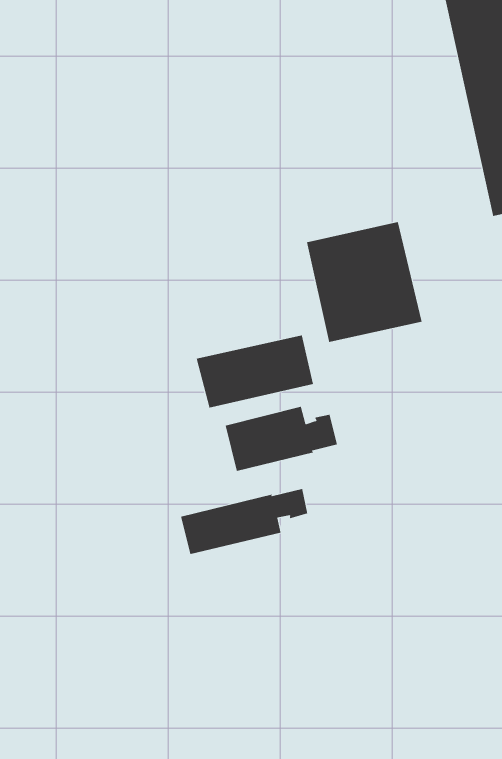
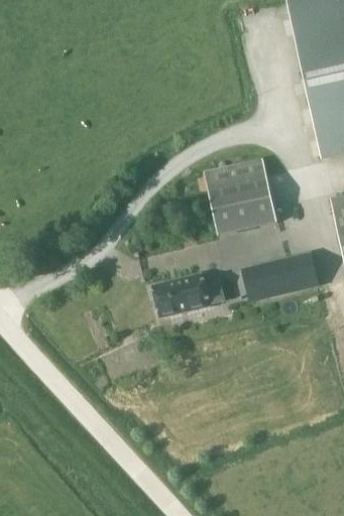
building: [196,335,314,408] -> [243,254,318,300]
building: [181,488,308,555] -> none

